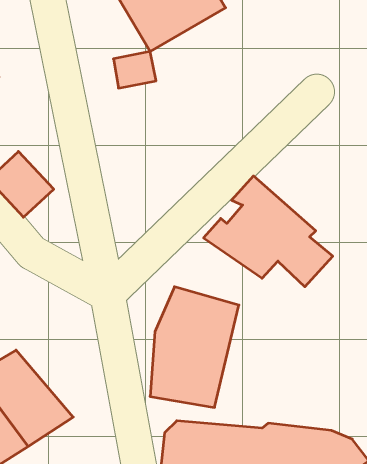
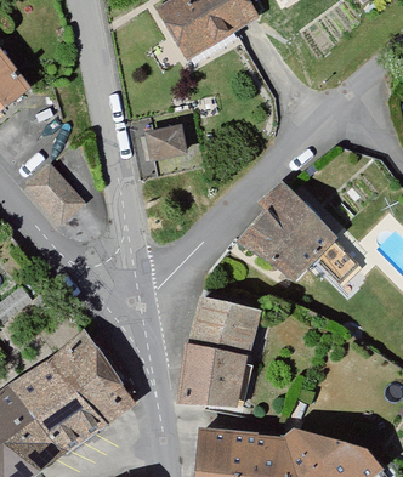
building: [113,52,156,88] -> [143,124,186,160]
building: none -> [47,329,132,425]

